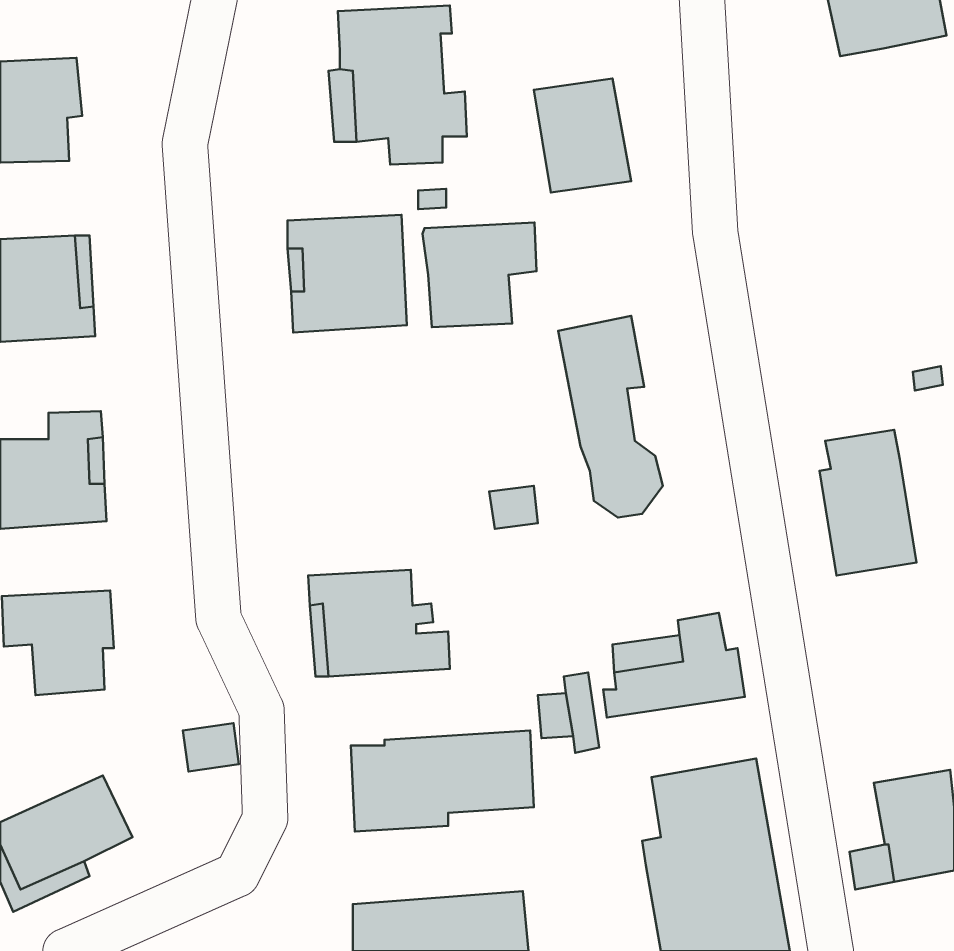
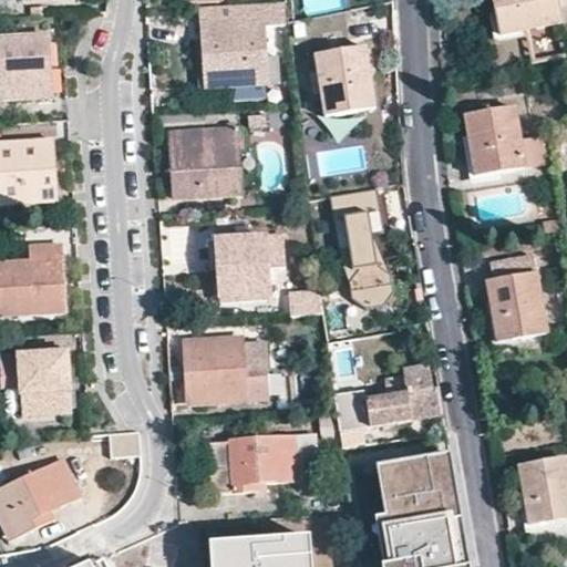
building: none -> [464,105,524,175]
building: [423,223,537,327] -> [215,236,282,298]

